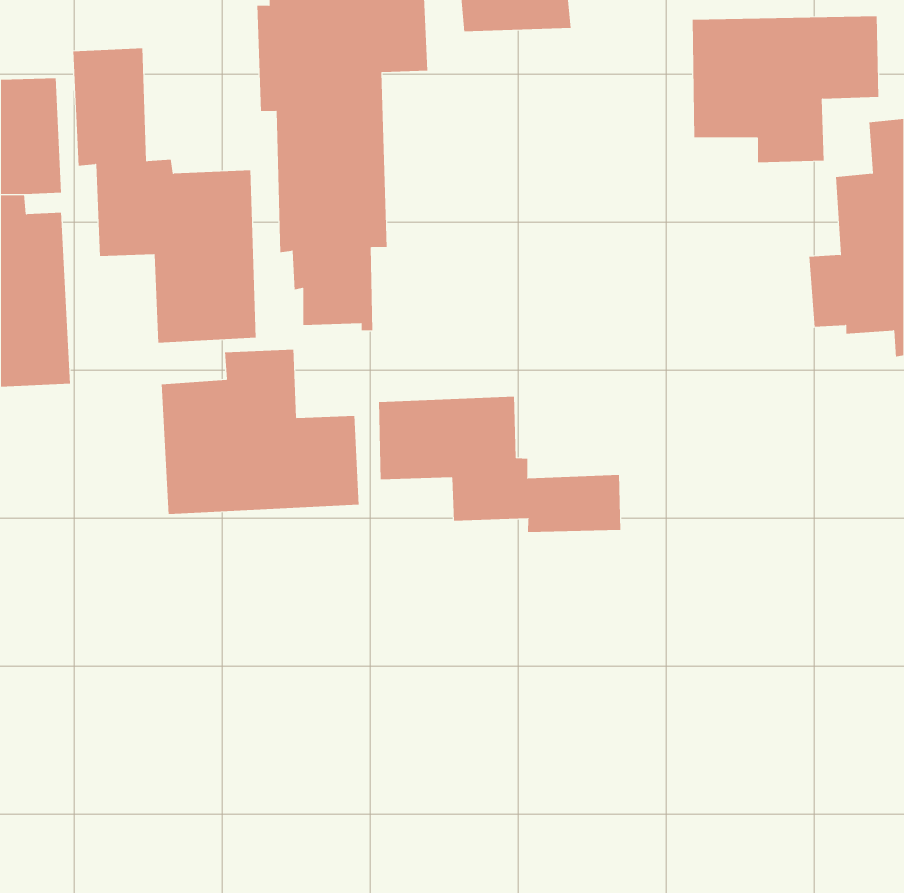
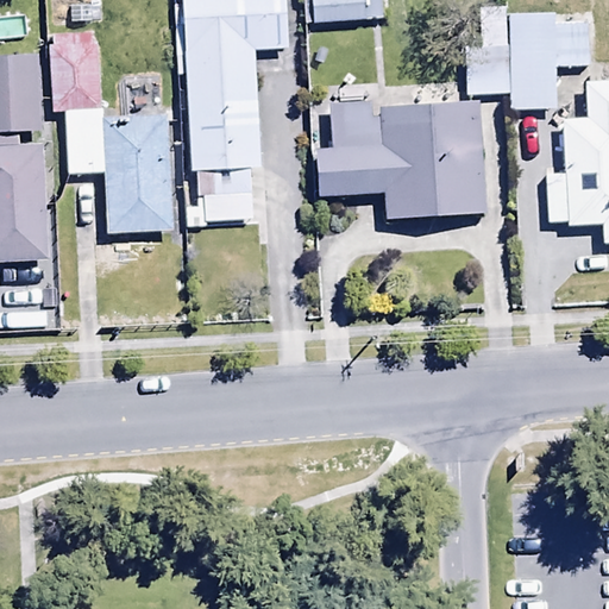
building: none -> [314,100,485,216]
building: [161,349,359,515] -> none
building: [378,396,621,533] -> none

